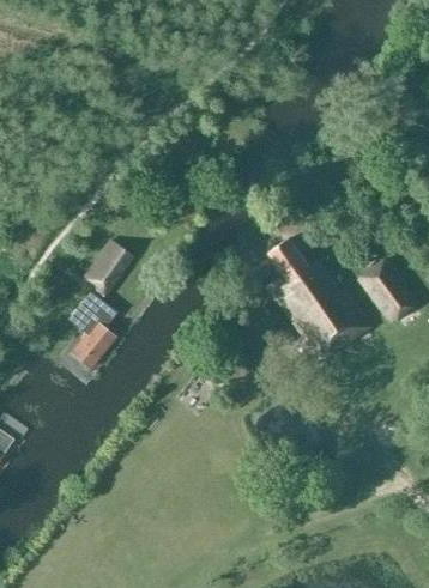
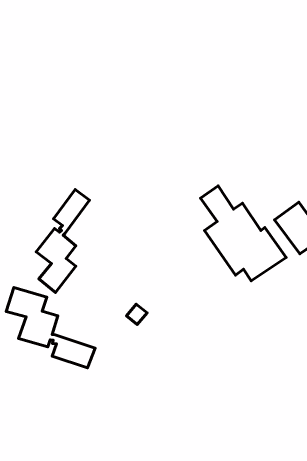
building: none -> [6,288,95,368]

